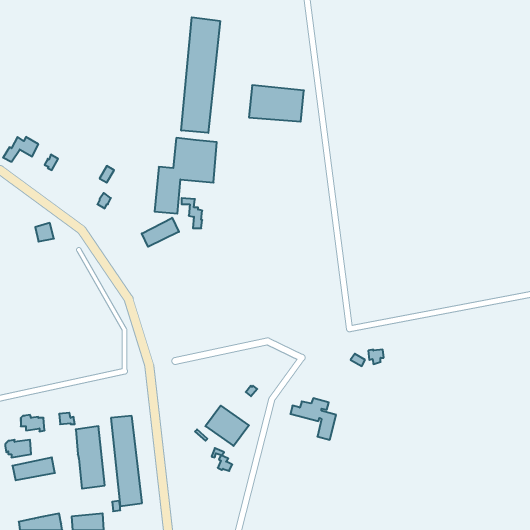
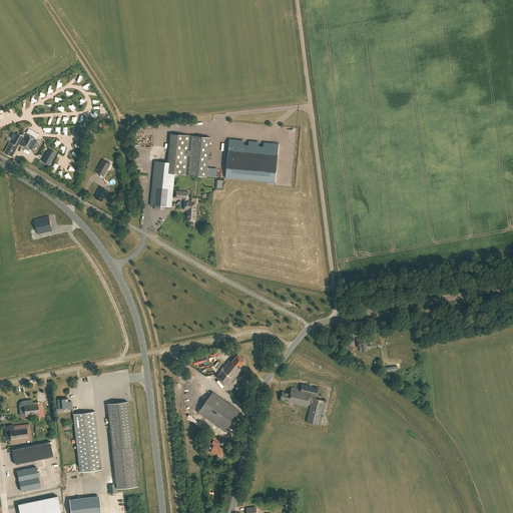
building: [181,17,220,133] -> none
building: [249,85,304,122] -> [225,143,279,178]
building: [142,218,179,247] -> none
building: none -> [215,355,244,386]
building: none -> [16,467,40,491]

